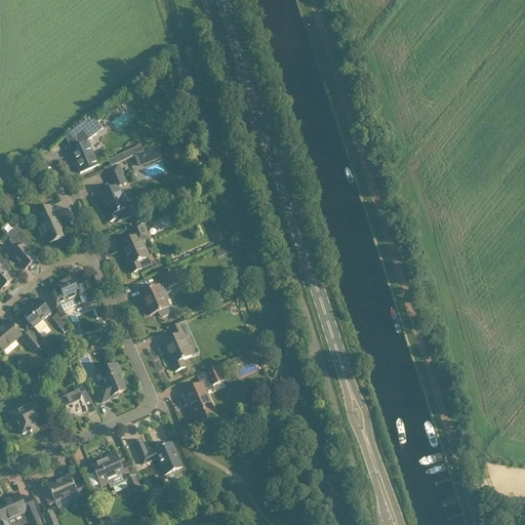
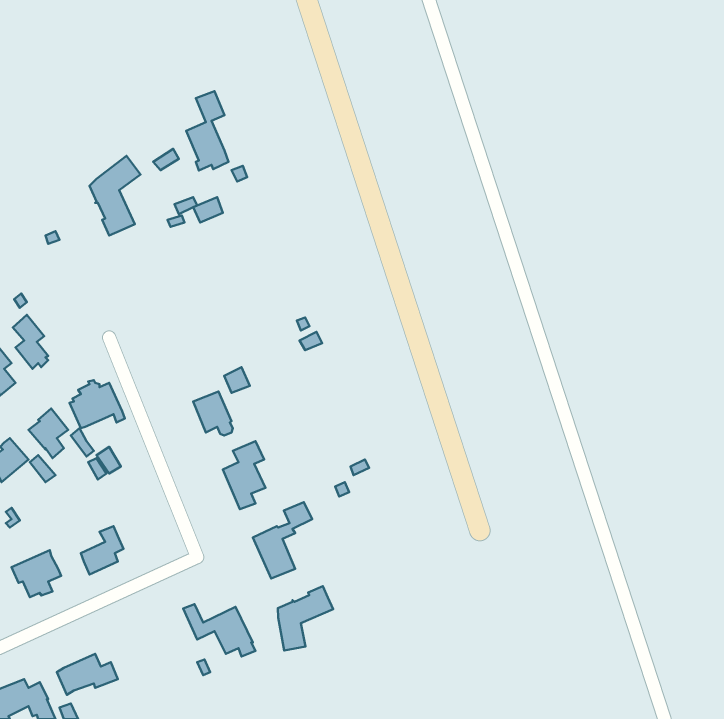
building: [98,162,129,219] -> [186,91,229,170]
building: [37,203,64,239] -> none
building: [118,219,149,271] -> none
building: [94,361,125,400] -> none
building: none -> [278,586,333,651]
building: [90,448,139,490] -> none

